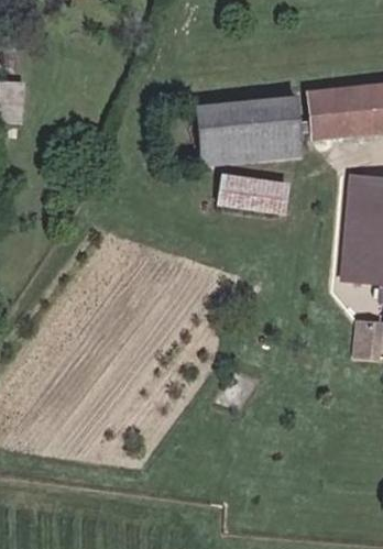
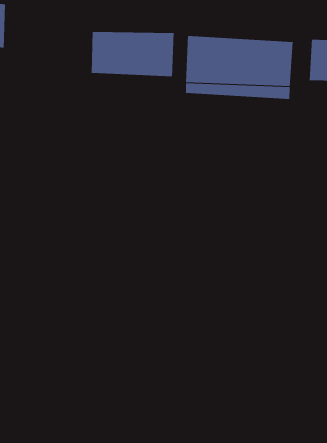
building: none -> [91,31,174,77]
building: [223,177,291,215] -> none

